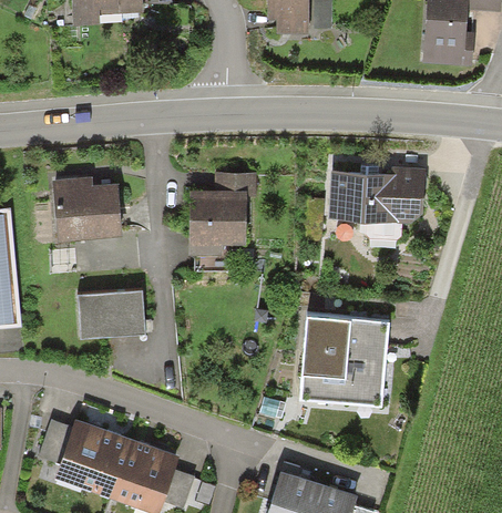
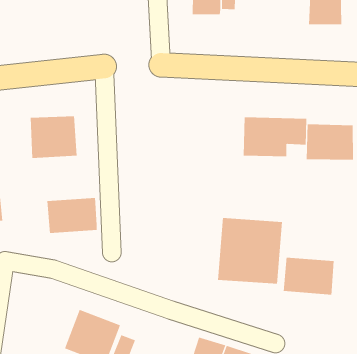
building: [193,179,256,264] -> none
building: none -> [306,124,353,160]
building: none -> [283,257,334,295]
building: [54,419,120,488] -> none

